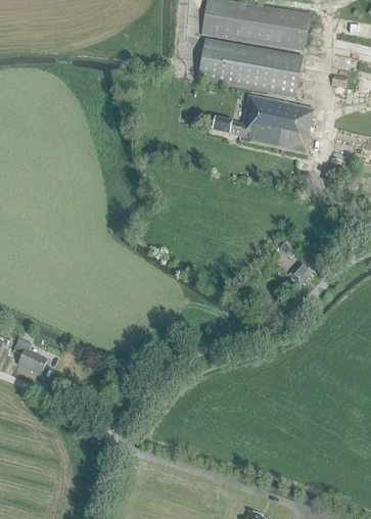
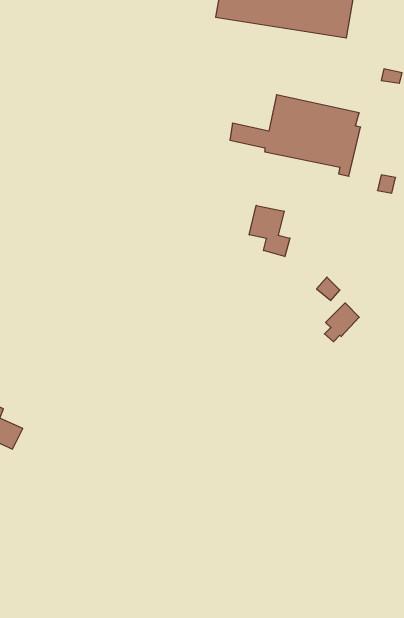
building: [197,38,303,97] -> none
building: none -> [249,205,290,257]

